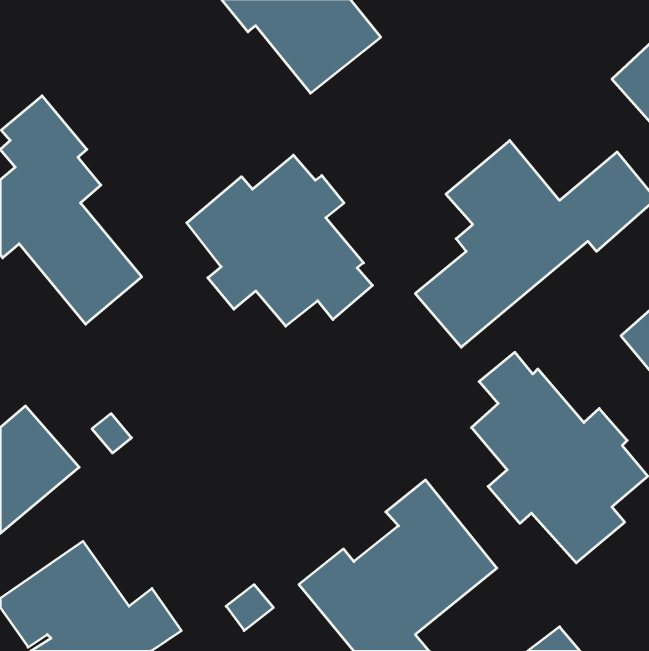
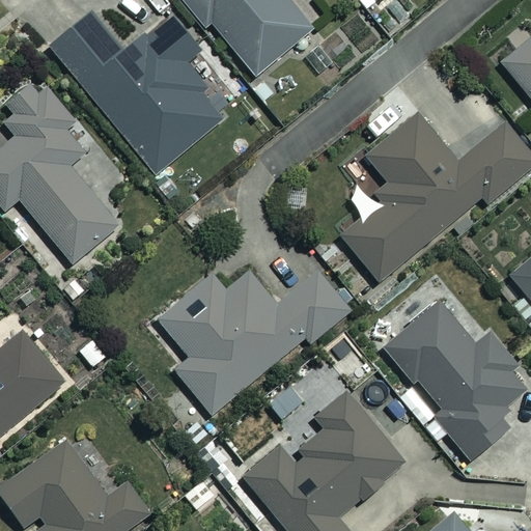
building: none -> [50,12,224,174]
building: [187,155,373,326] -> none
building: none -> [159,267,353,413]

